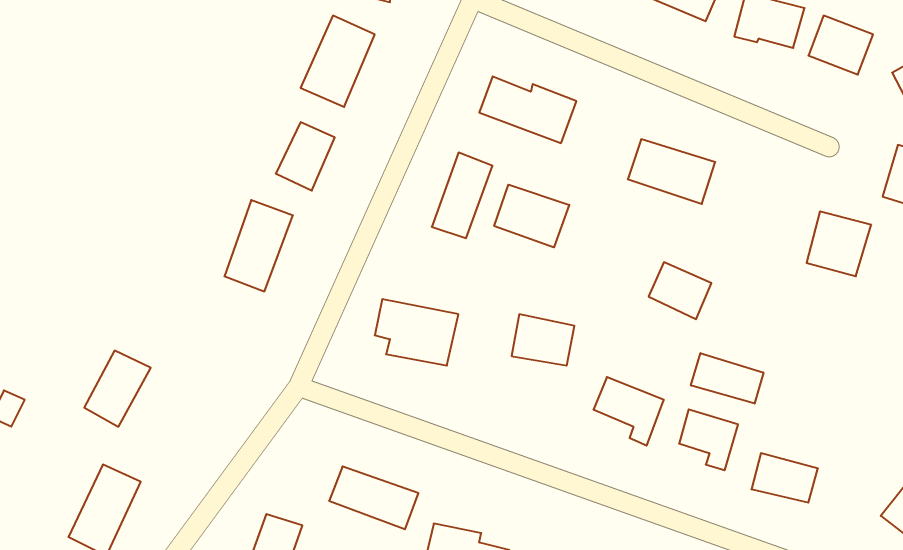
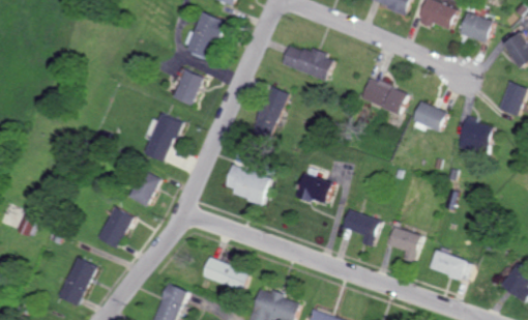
building: [494,185,569,247] -> none
building: [649,262,711,319] -> [415,101,449,133]
building: none -> [127,169,158,206]
building: [84,351,151,427] -> [96,206,133,248]
building: [691,353,763,404] -> none

